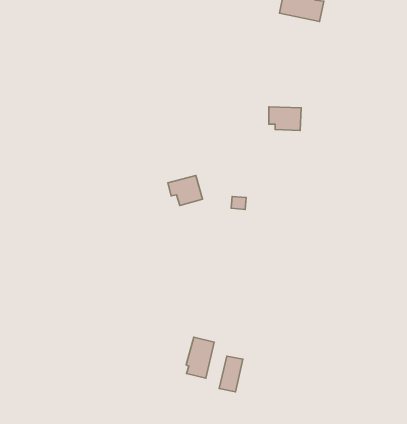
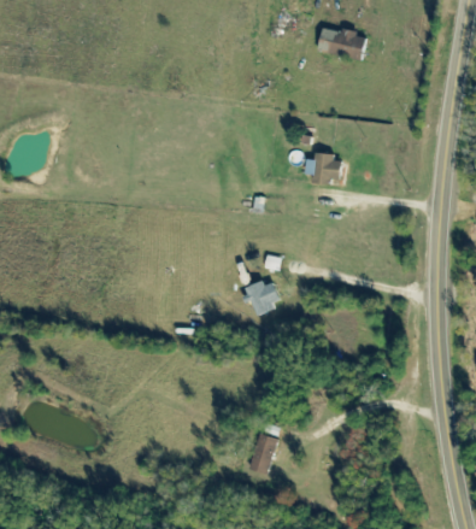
building: [168,175,202,206] -> [242,280,281,313]
building: [186,337,214,378] -> none

